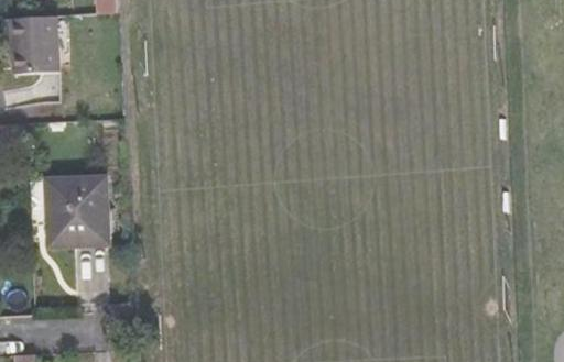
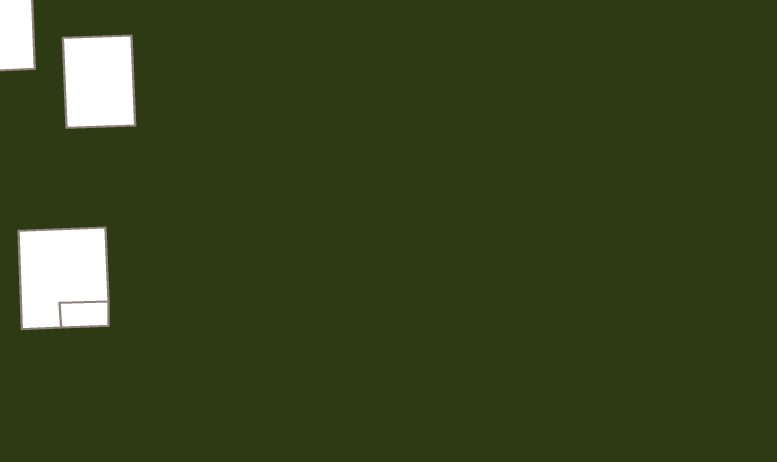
building: none -> [63,35,135,128]

